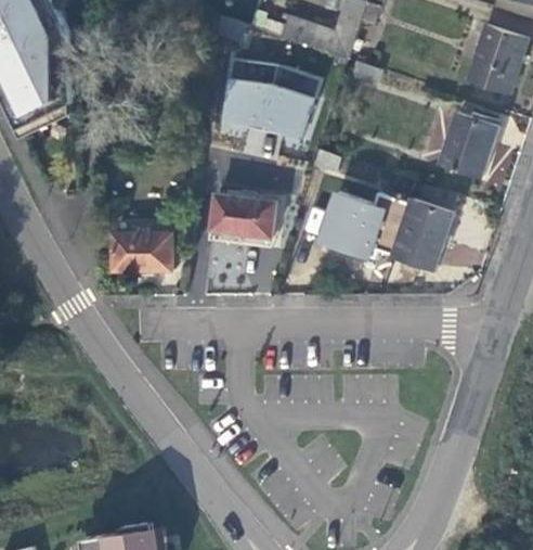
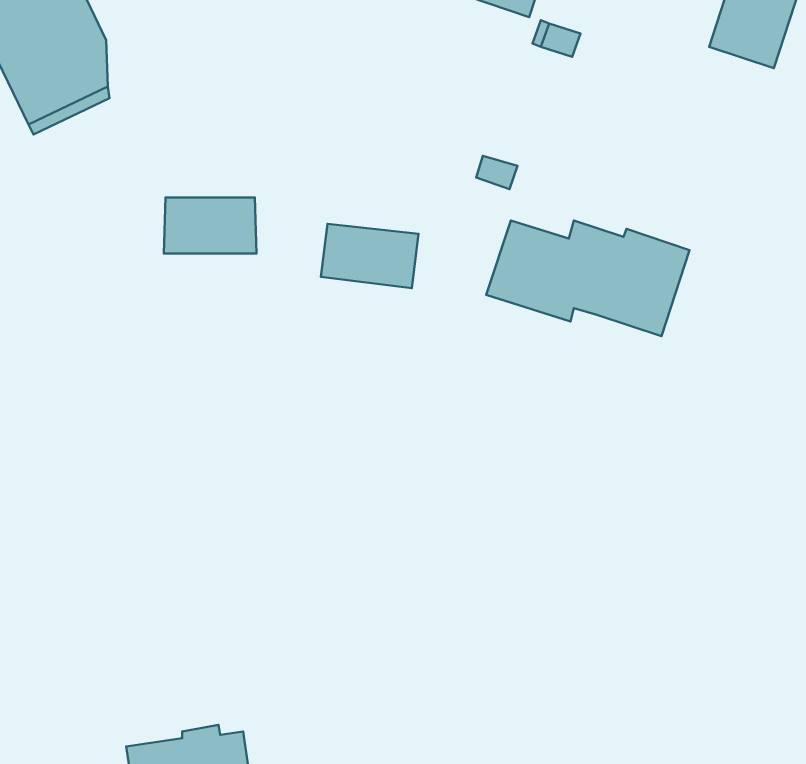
building: [211,54,316,148] -> none
building: [440,113,497,176] -> none
building: [112,233,172,270] -> [164,197,256,254]

